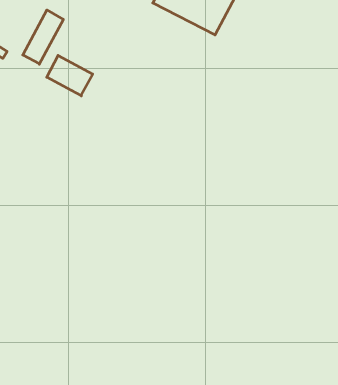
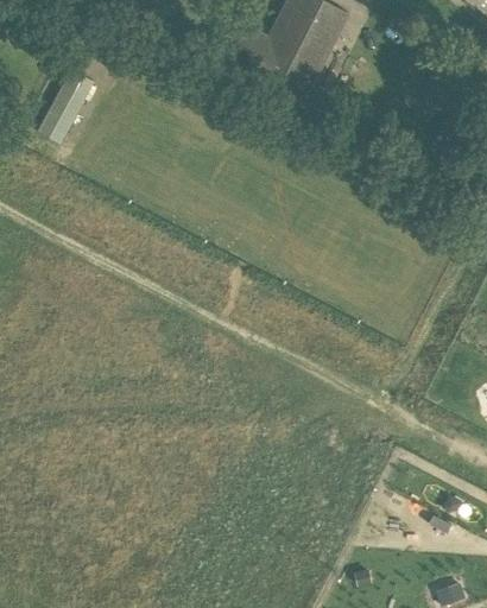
building: [47,55,93,96] -> none

